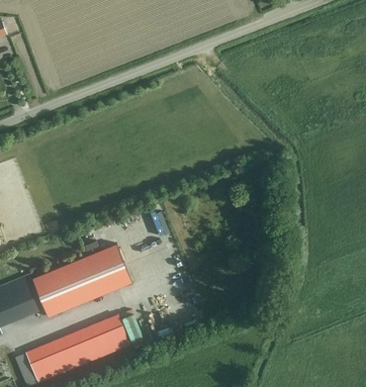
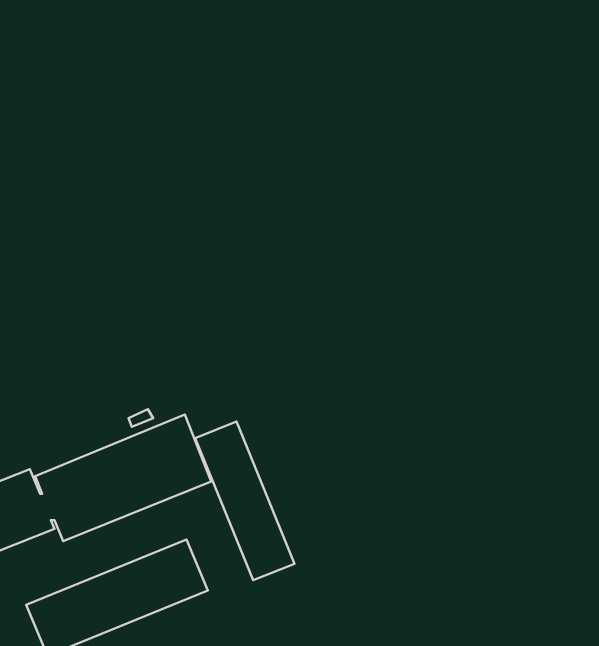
building: none -> [195,422,294,580]

